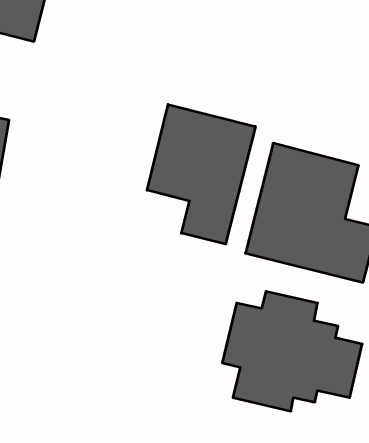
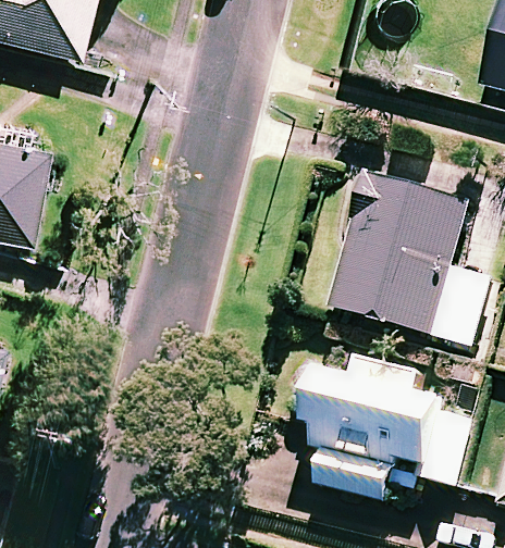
building: [147,104,255,244] -> none

